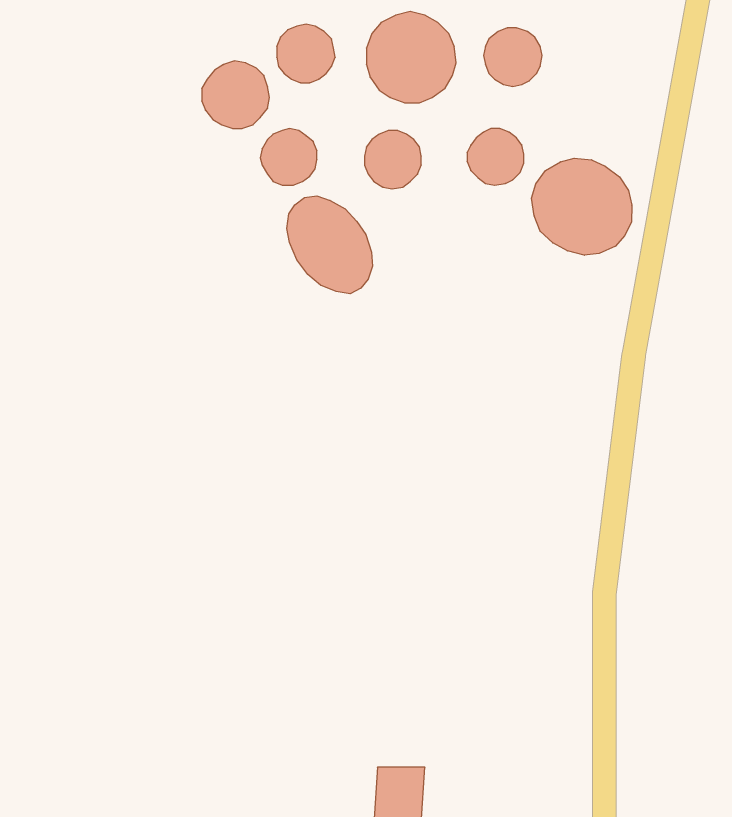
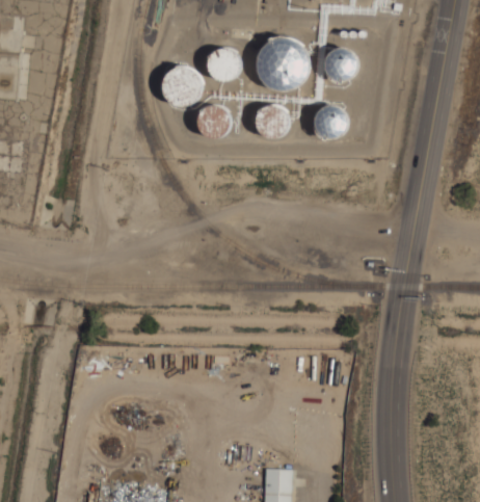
building: [532,158,632,255] -> none
building: [287,196,373,294] -> none

